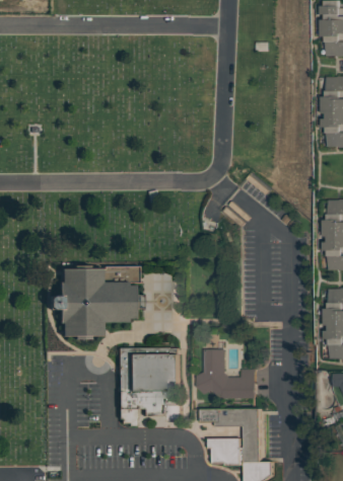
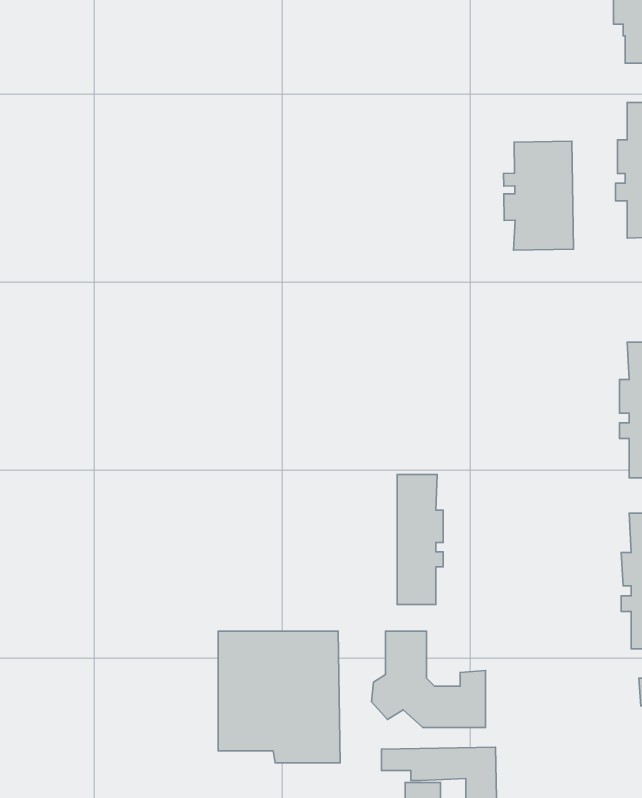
building: none -> [504,141,573,250]
building: [50,267,142,342] -> none
building: none -> [397,475,443,605]

